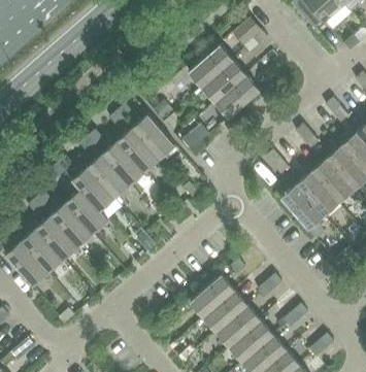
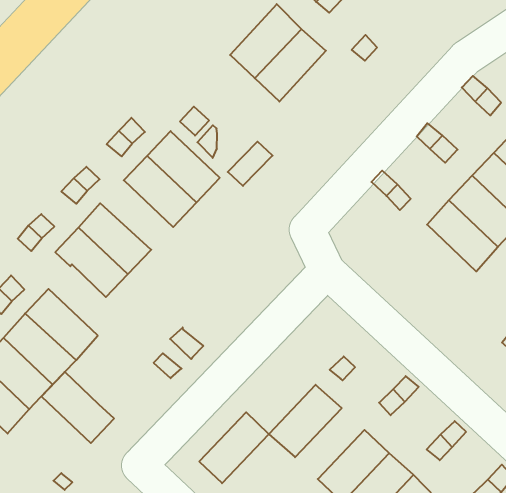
building: [215,75,260,119] -> none
building: [102,141,144,184] -> none
building: [281,185,325,239] -> none
building: [66,189,108,233] -> [41,372,114,443]
building: [204,291,247,332] -> [199,412,269,483]

